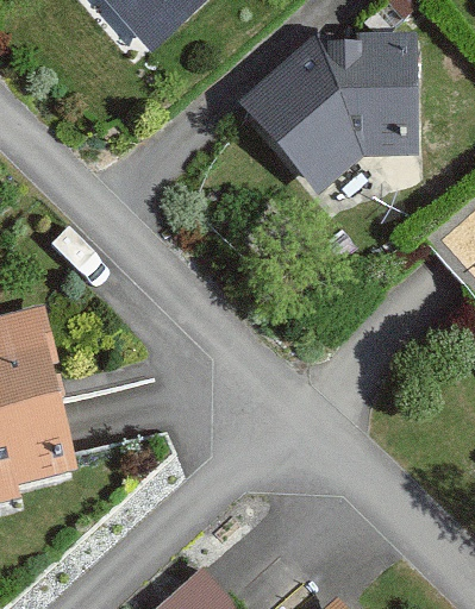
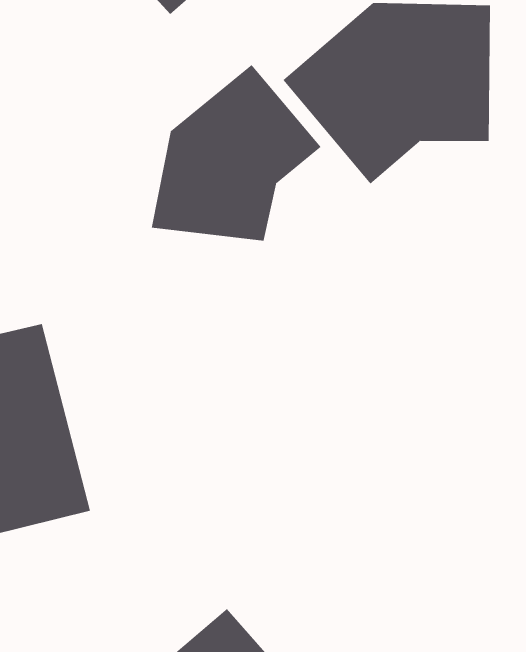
building: none -> [151,64,321,241]

